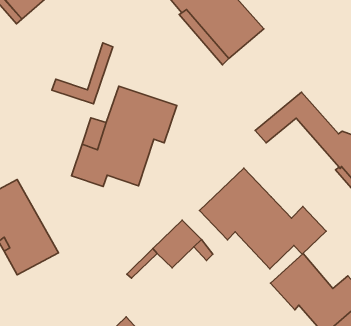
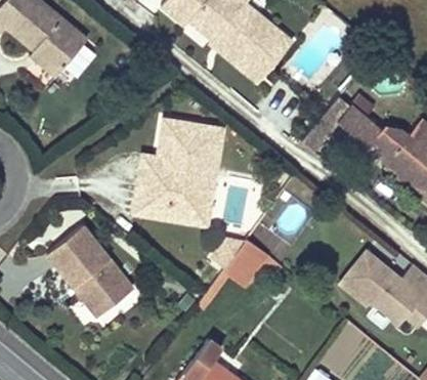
building: [52,43,113,104] -> [165,165,216,224]
building: [199,168,326,269] -> none

